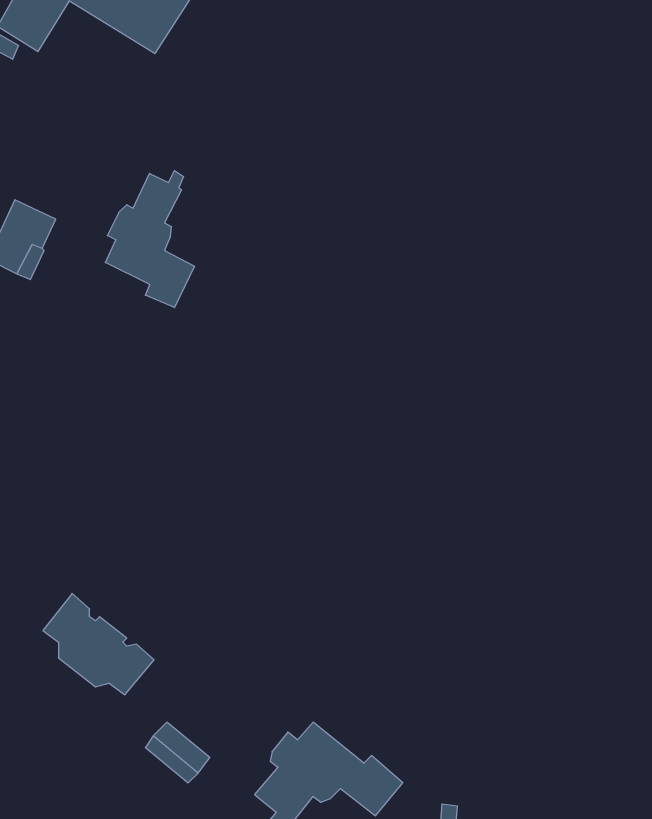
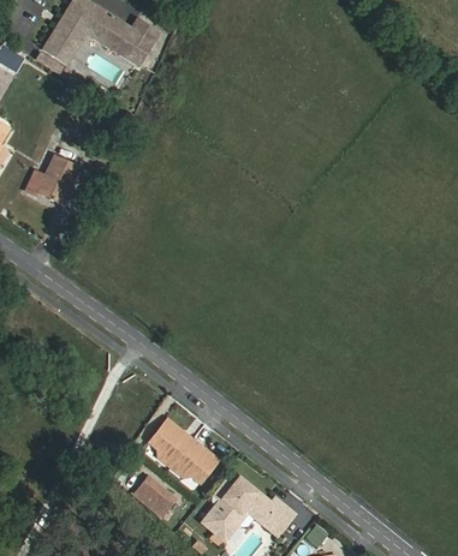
building: [105,171,194,308] -> none
building: [43,593,154,695] -> [149,418,218,480]

